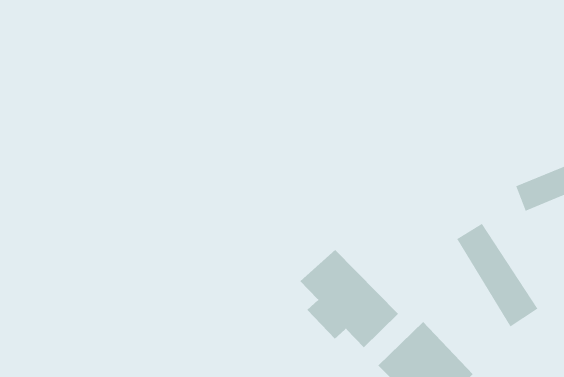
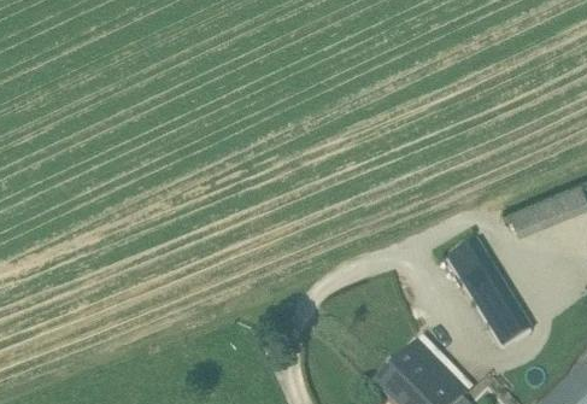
building: [300,249,399,348] -> none

